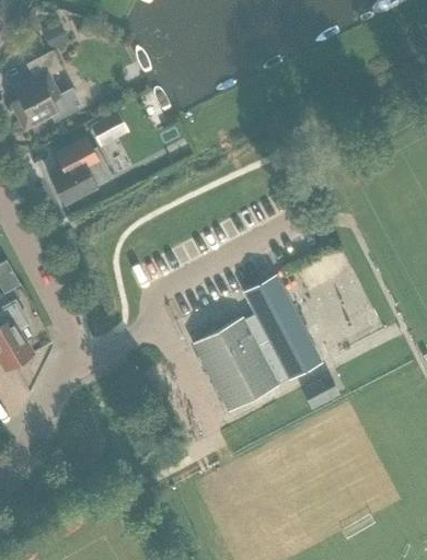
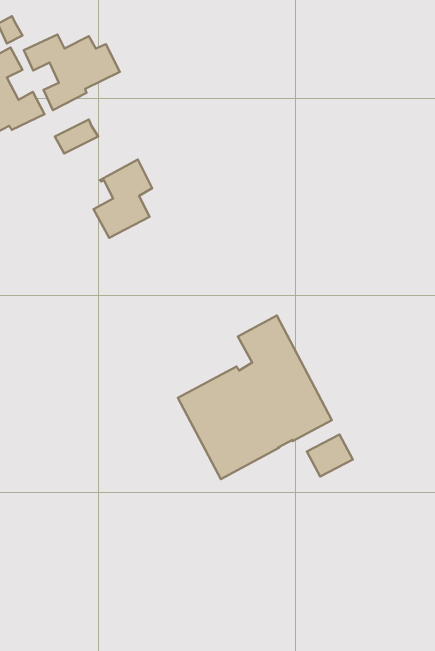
building: none -> [24,35,120,110]
building: [49,137,99,202] -> [93,159,152,238]

